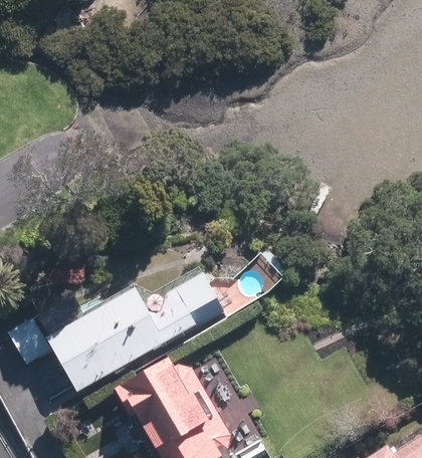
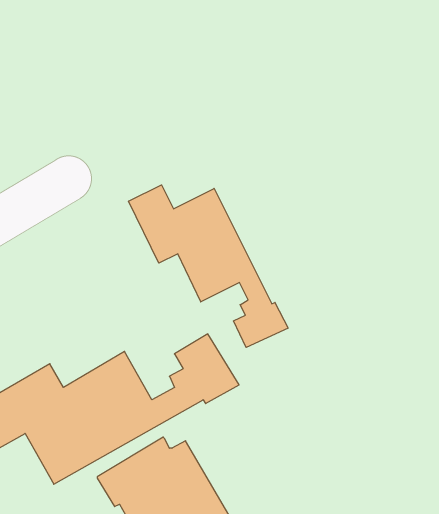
building: none -> [129,185,288,347]

